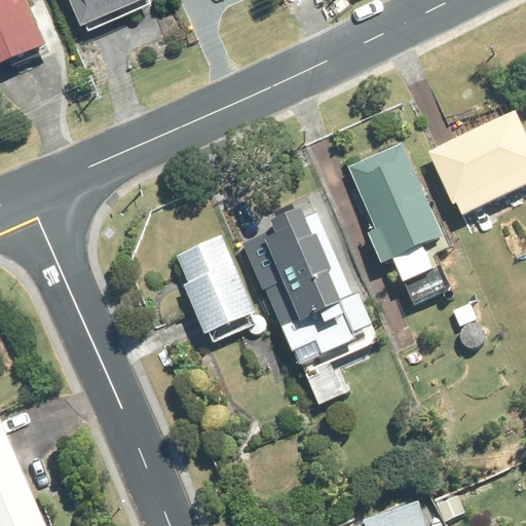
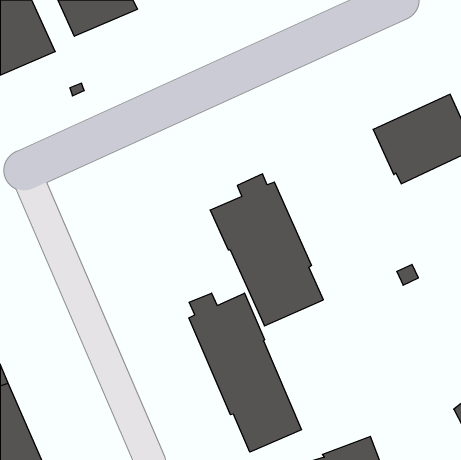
building: [347,143,441,279] -> none
building: [174,234,252,332] -> none
building: none -> [189,293,301,452]

